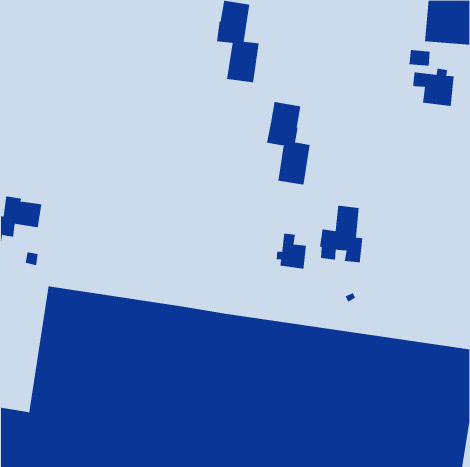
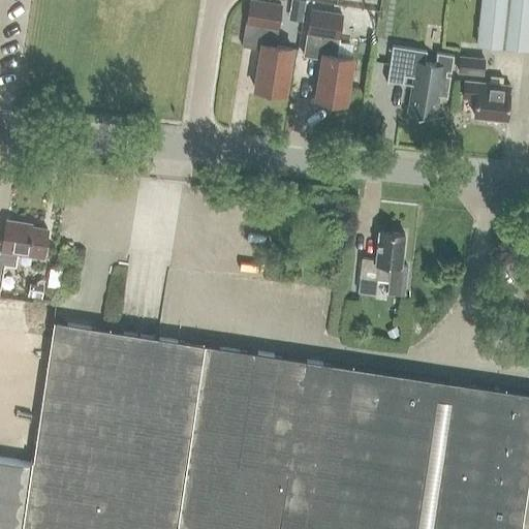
building: none -> [386,49,454,120]
building: [266,102,310,185] -> [303,12,352,106]
building: [276,233,306,270] -> none

